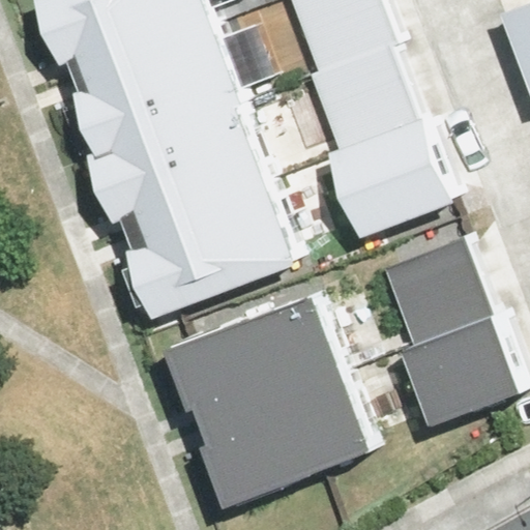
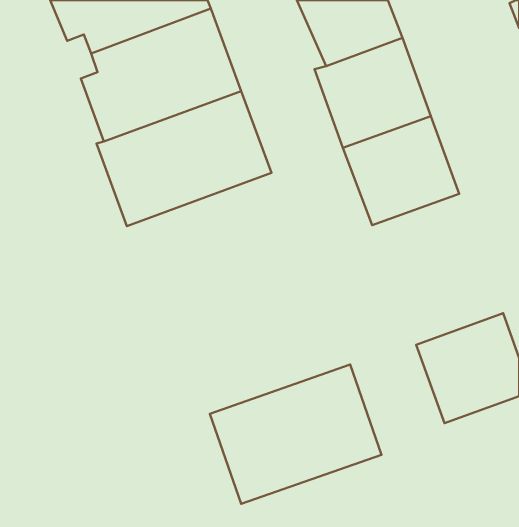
building: [125,179,298,313] -> none
building: [383,240,497,349] -> none
building: [175,279,346,417] -> none

